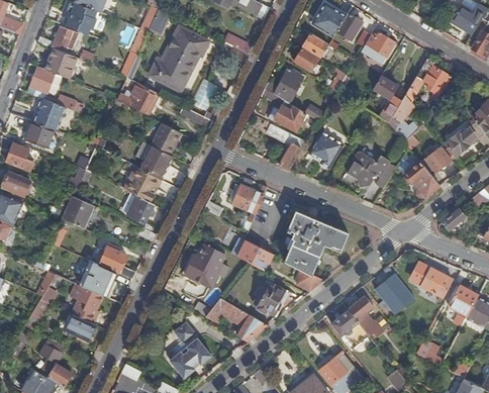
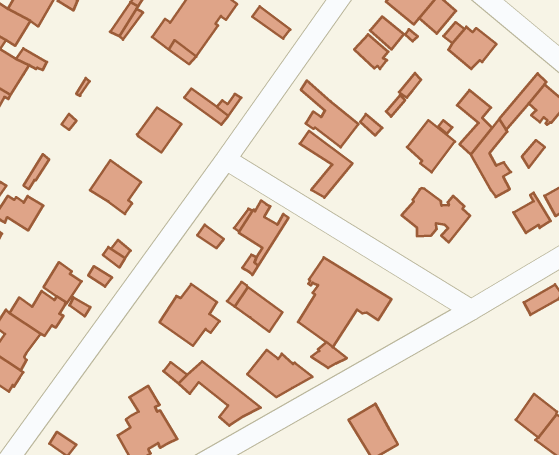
building: [264,69,302,100] -> none
building: [116,83,159,114] -> none
building: [308,131,341,168] -> [407,120,455,172]
building: [139,145,172,180] -> none
building: [404,159,438,197] -> none
building: [126,195,154,223] -> none
building: [411,262,452,297] -> none
building: [375,273,415,314] -> none
building: [348,285,383,335] -> none

